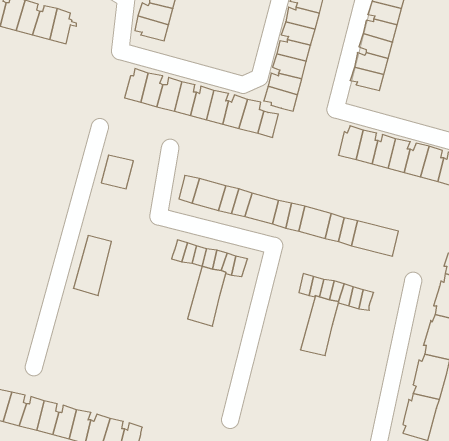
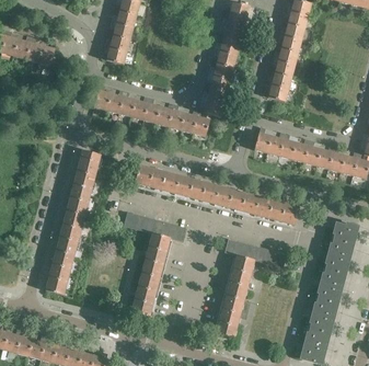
building: none -> [67,171,95,215]
building: none -> [45,250,74,296]
building: none -> [130,273,160,318]
building: none -> [215,296,244,341]

